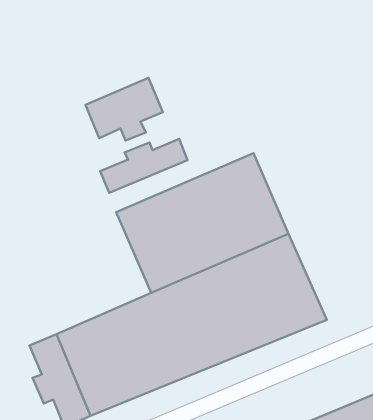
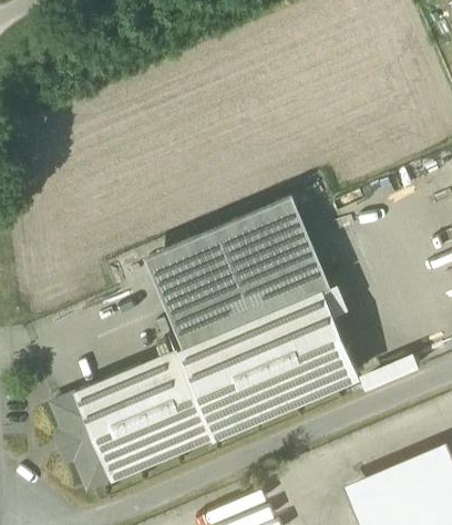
building: [86,78,163,141] -> none
building: [100,139,187,193] -> none

